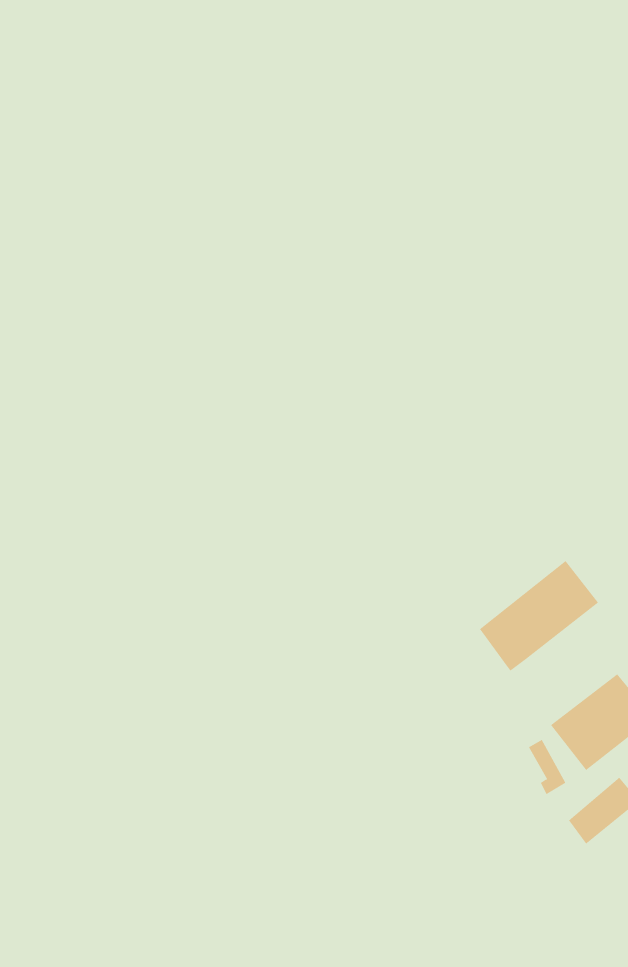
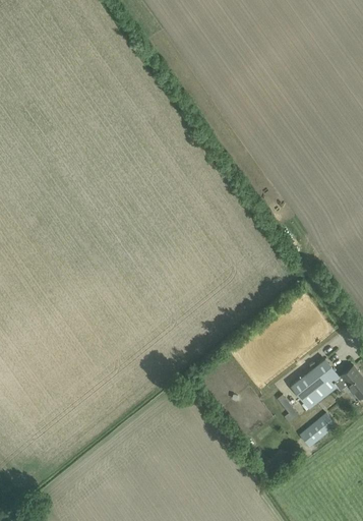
building: [479,560,599,672] -> none

